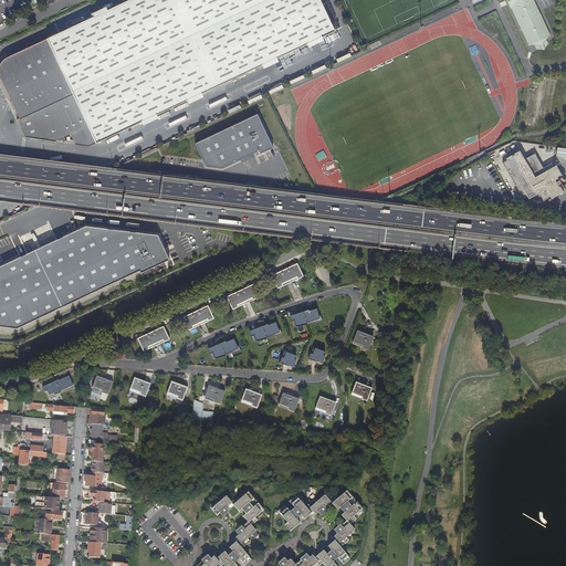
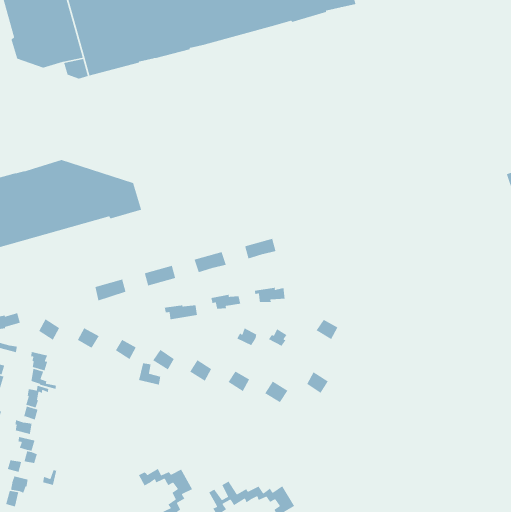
building: [197,115,270,169] -> none

